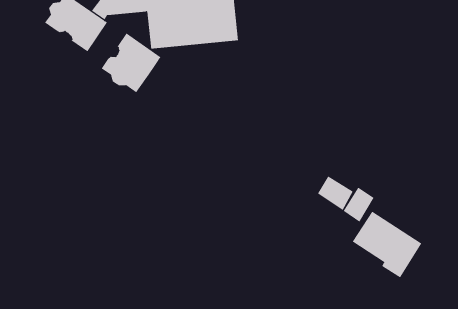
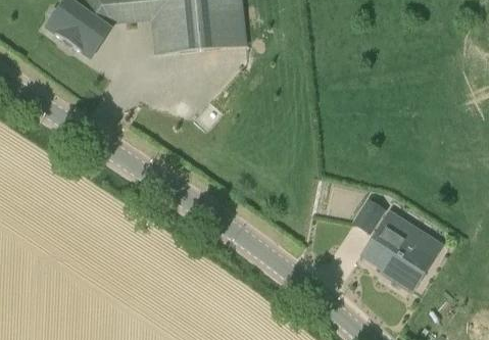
building: [101,32,161,93] -> none
building: [317,175,354,211] -> none

